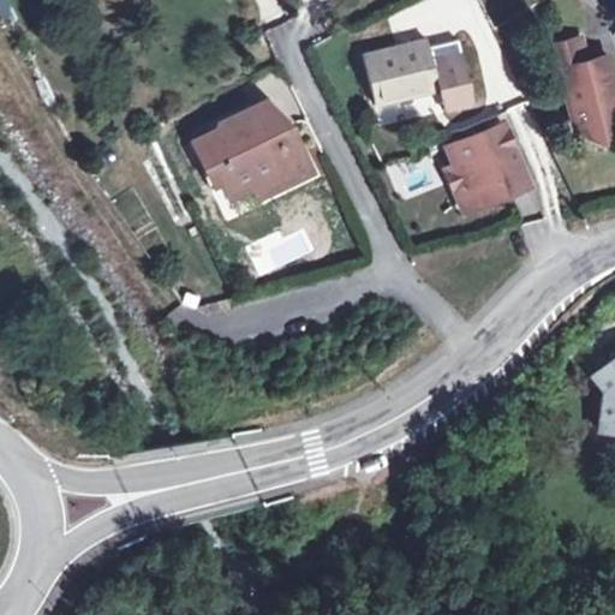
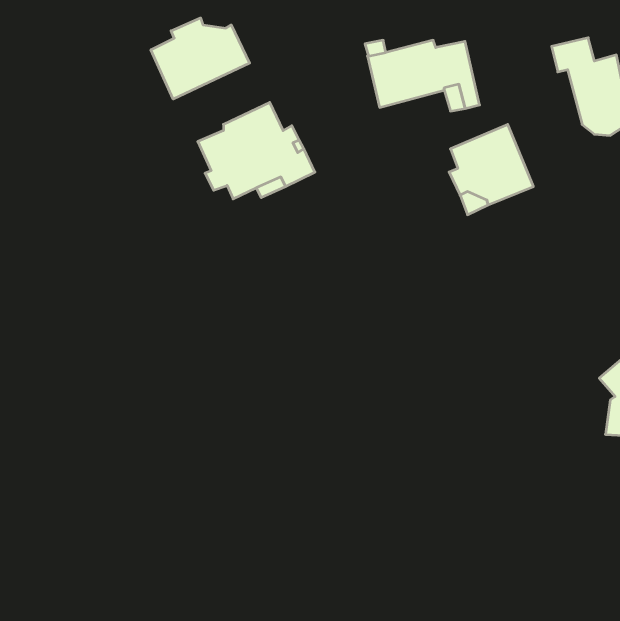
building: none -> [151,18,250,99]

